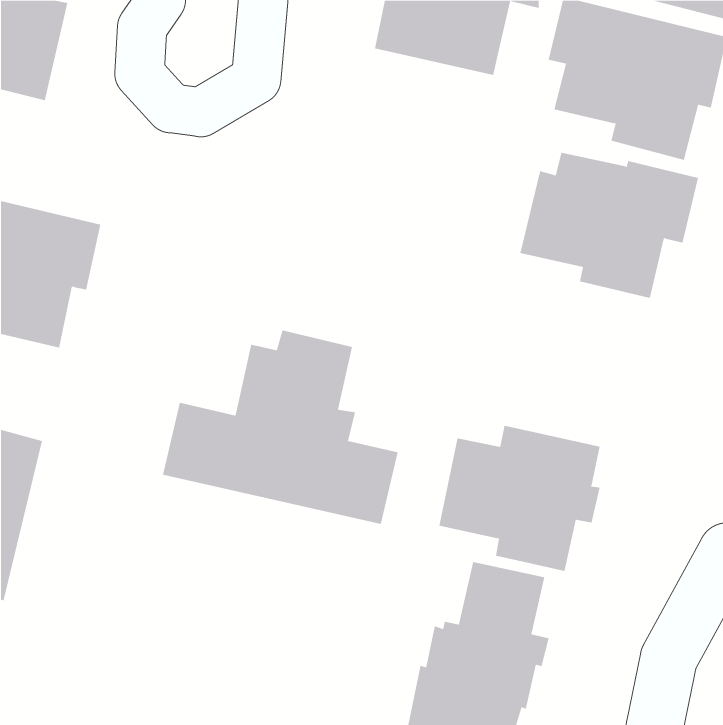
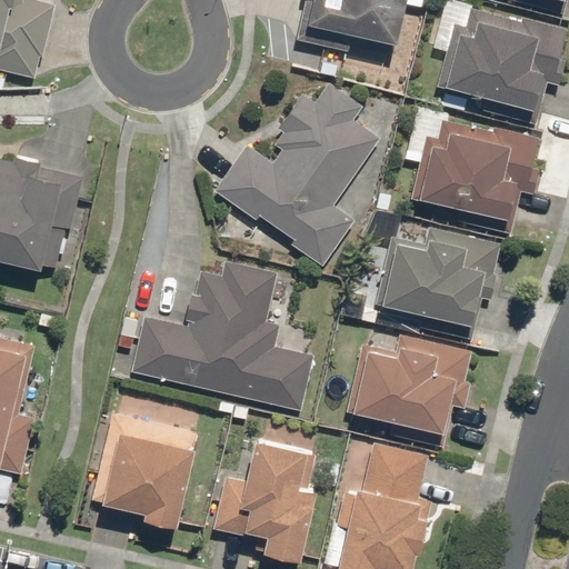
building: none -> [213,81,381,267]
building: none -> [375,217,502,340]
building: none -> [89,412,197,529]
building: none -> [212,441,317,562]

